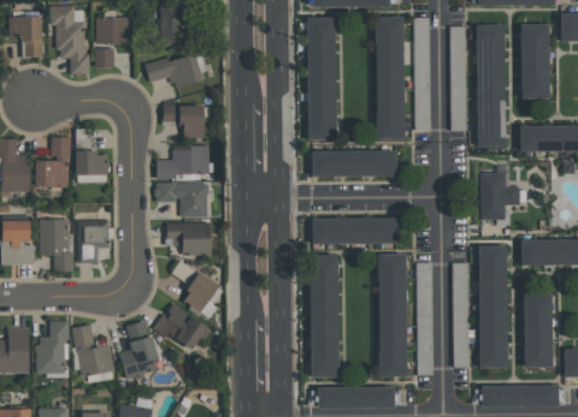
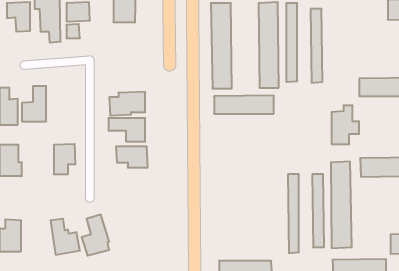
building: [519,23,549,99] -> none
building: [476,24,506,147] -> none
building: [149,54,208,88] -> none
building: [167,103,208,137] -> none
building: [76,150,107,181] -> none
building: [312,216,396,244] -> none
building: [43,219,77,270] -> none
building: [377,252,407,376] -> none
building: [308,254,340,376] -> none
building: [175,260,229,316] -> none
building: [523,292,552,367] -> none
building: [157,300,214,350] -> none
building: [40,321,73,374] -> none

